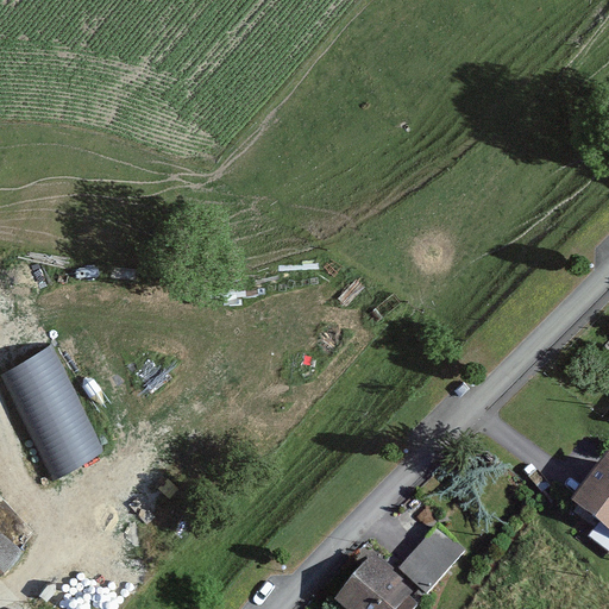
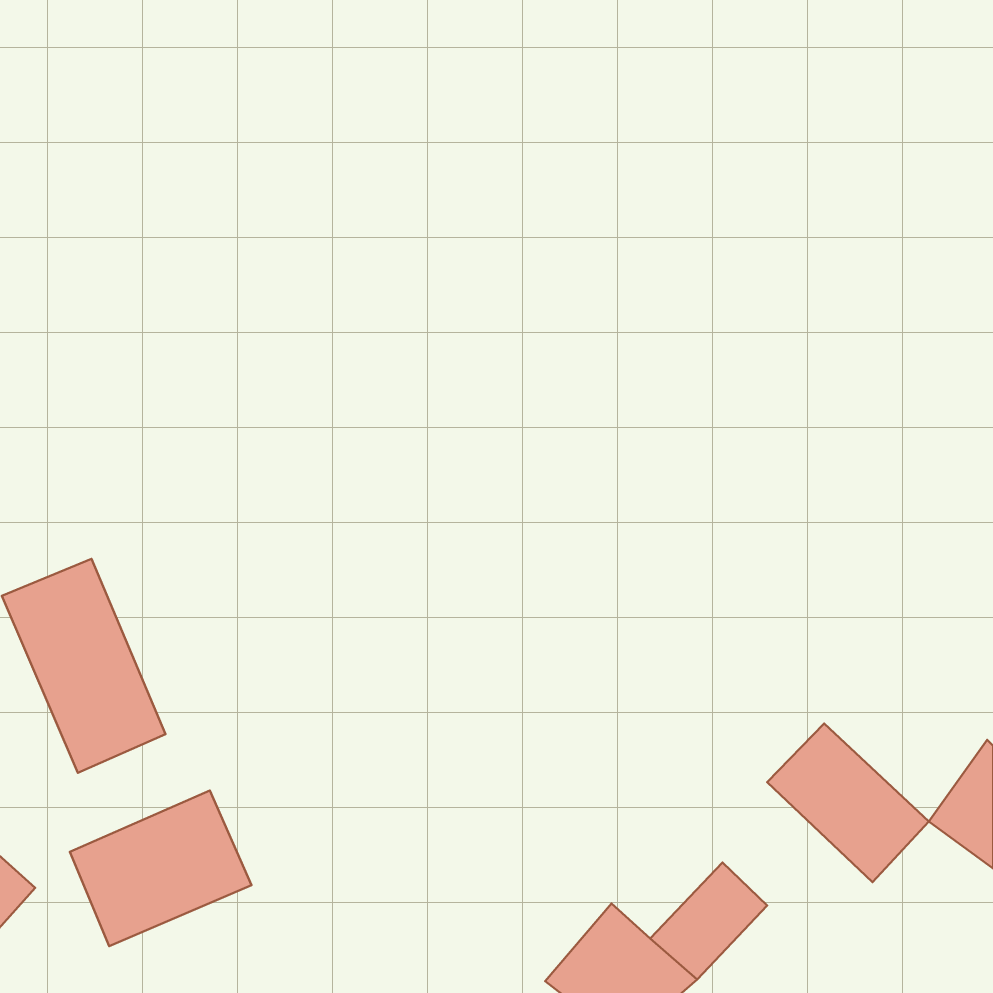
building: none -> [767,724,929,882]
building: none -> [70,791,251,946]

